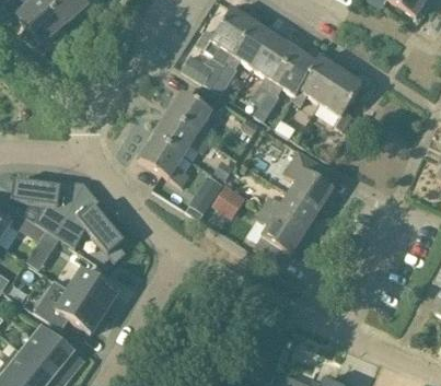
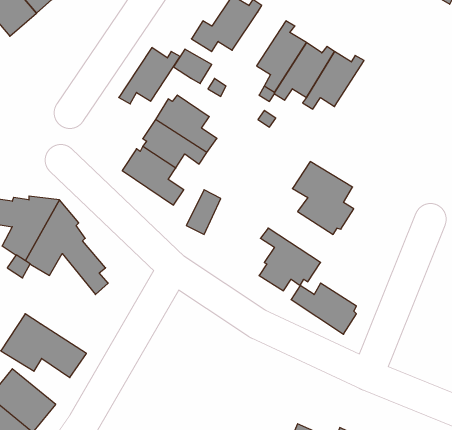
building: [223,22,276,70] -> [119,48,180,104]
building: [317,63,360,130] -> none
building: [210,184,244,219] -> none
building: [260,192,316,236] -> [291,283,356,334]
building: [66,268,118,314] -> none

